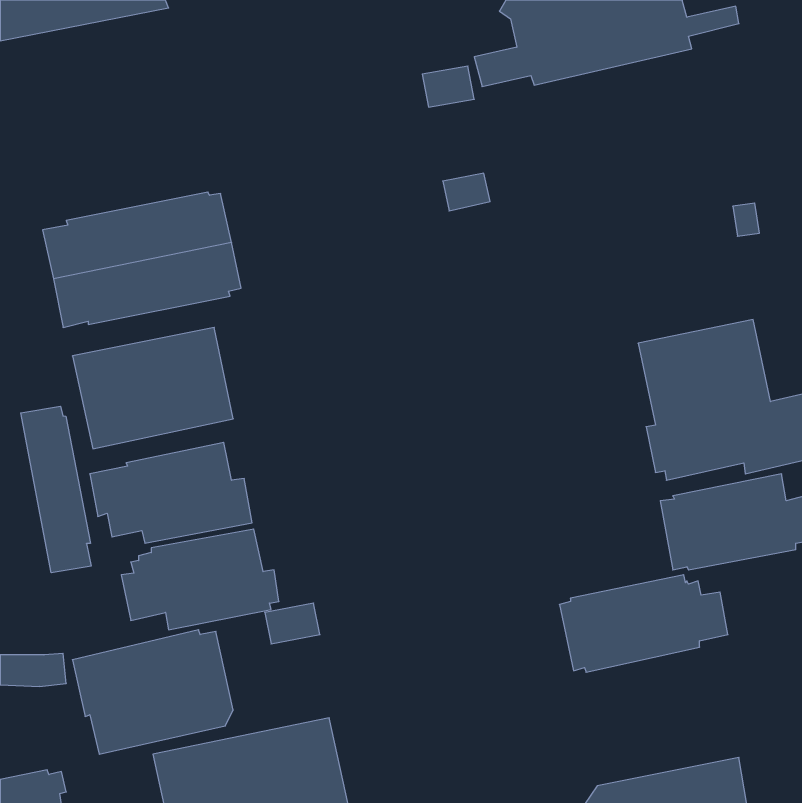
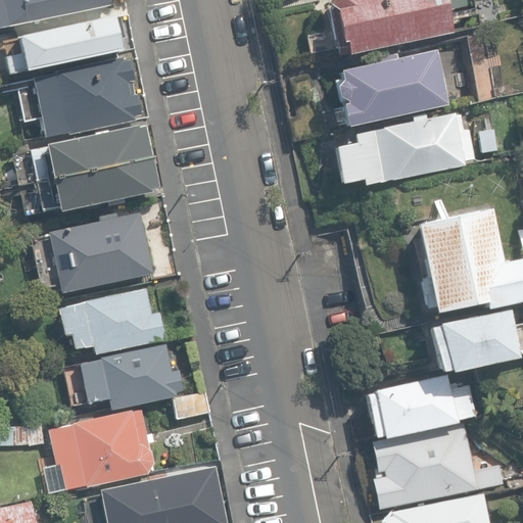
building: none -> [6,16,126,75]
building: none -> [335,50,446,127]
building: none -> [34,57,142,137]
building: none -> [335,113,474,187]
building: [21,406,91,573] -> none
building: none -> [372,421,502,509]

